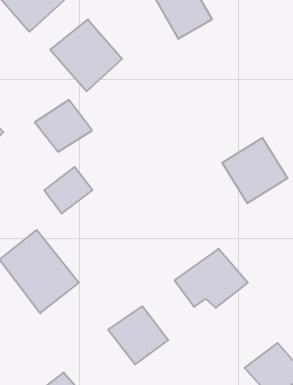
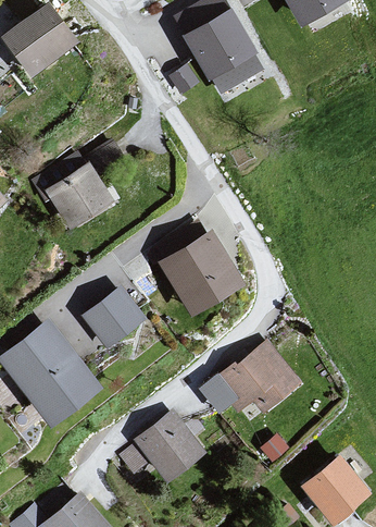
building: [50,19,122,91] -> none
building: [222,138,288,203] -> [161,232,240,311]
building: [44,167,92,214] -> [83,287,141,344]

